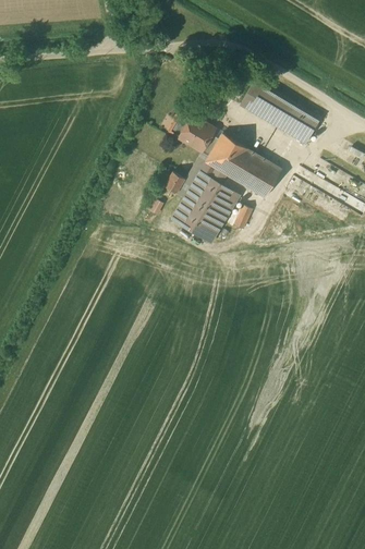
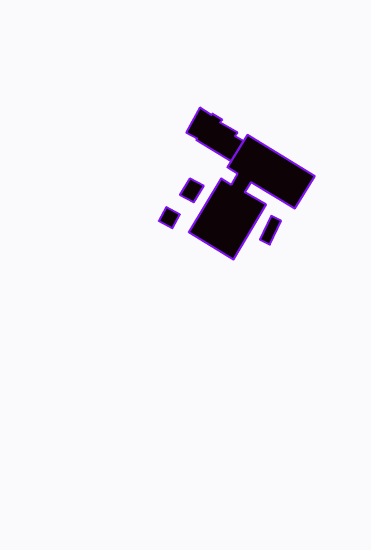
building: [240,81,319,144] -> none

